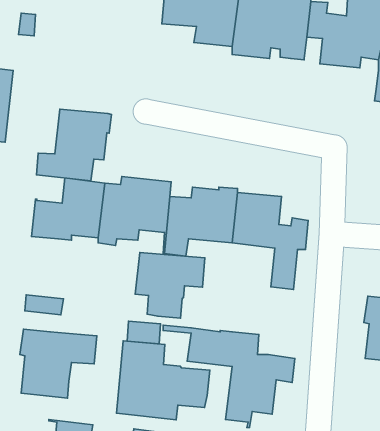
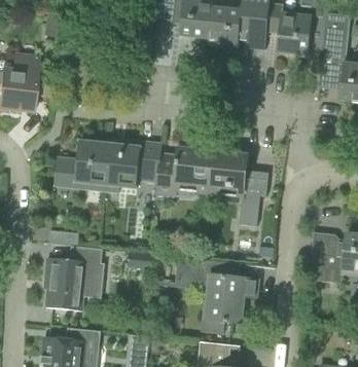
building: [36,109,112,181] -> none
building: [135,252,205,318] -> none
building: [117,341,210,420] -> none

